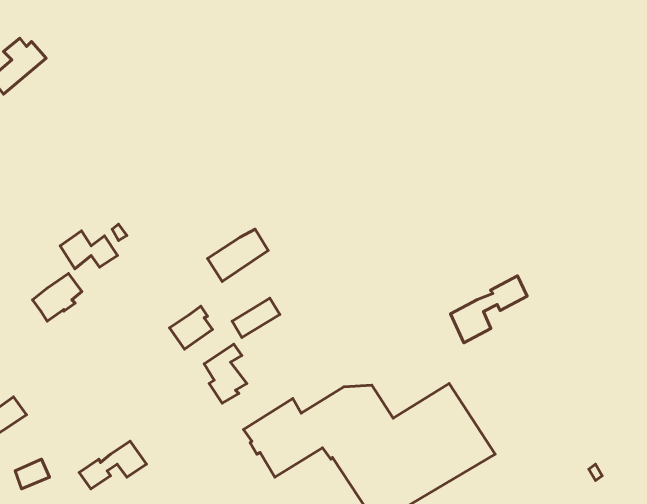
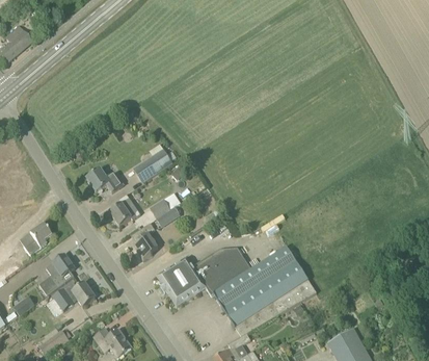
building: [60,231,118,269] -> [87,169,124,192]
building: [32,273,82,321] -> [20,223,51,253]
building: [451,276,527,343] -> none
building: none -> [39,254,75,294]

